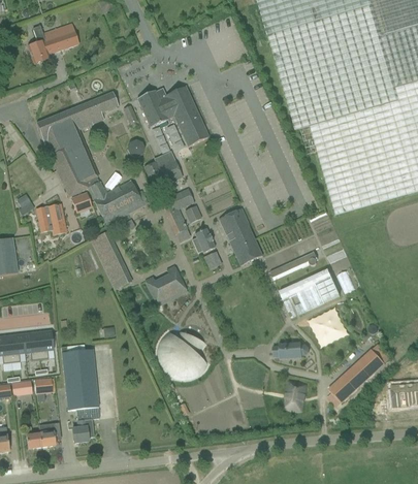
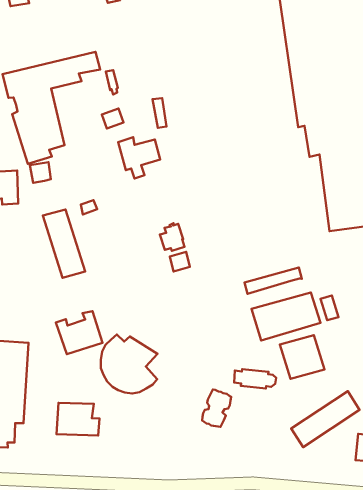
building: [137,86,208,146] -> none
building: [90,180,149,225] -> none
building: [160,188,193,233] -> none
building: [219,207,262,265] -> none
building: [144,265,187,305] -> [56,311,102,354]
building: [284,379,306,410] -> [202,389,231,427]
building: none -> [56,403,100,436]

